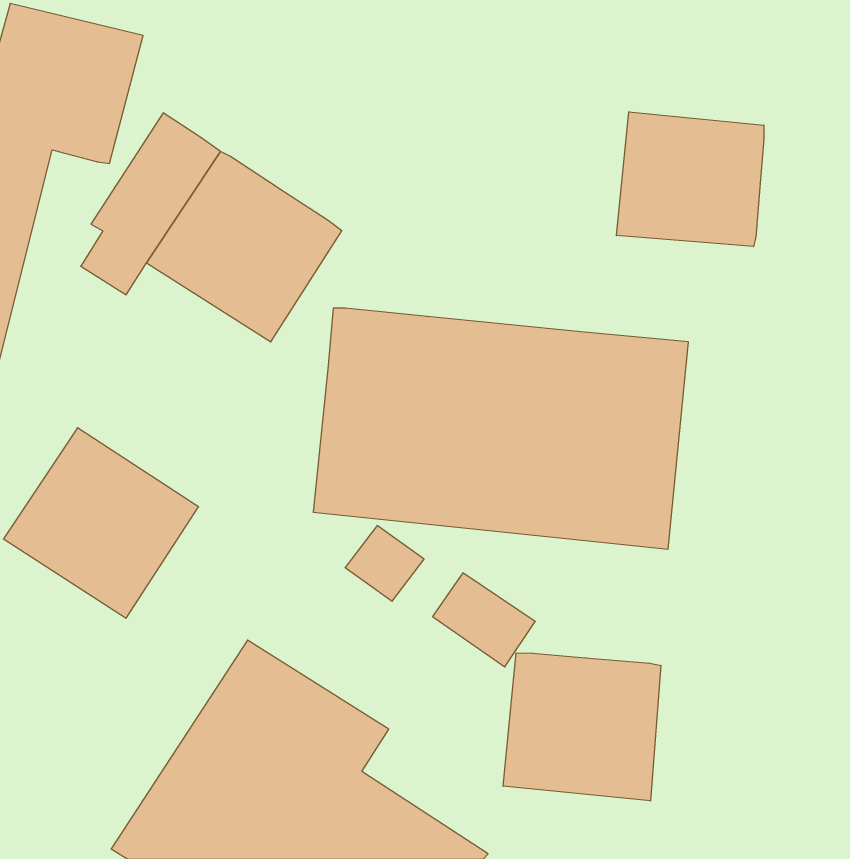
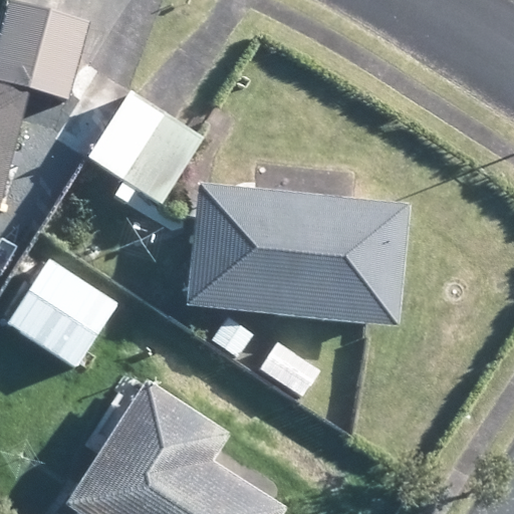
building: [617,112,764,247] -> none
building: [503,653,661,801] -> none

